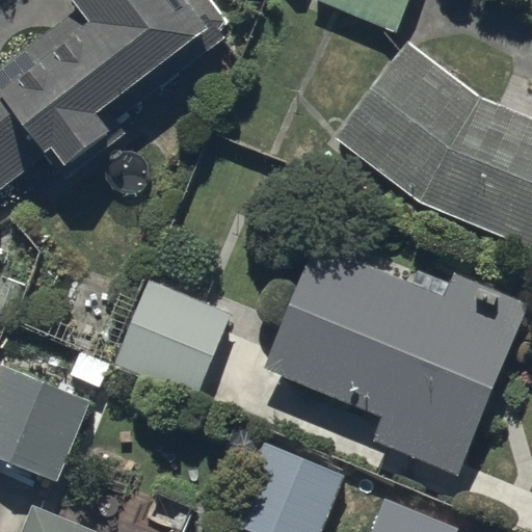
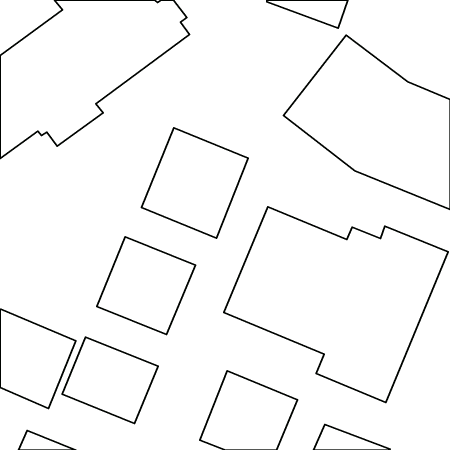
building: none -> [141,128,248,238]
building: none -> [62,337,158,424]

